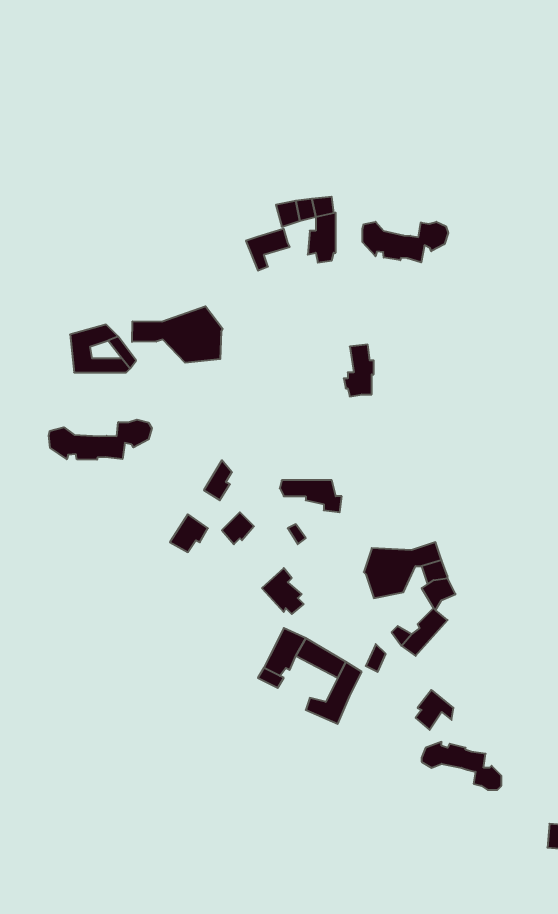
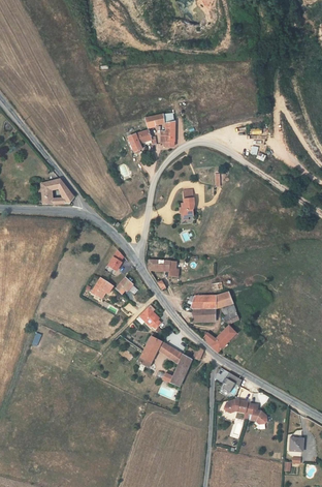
building: [363,222,448,262] -> none
building: [132,306,223,363] -> none
building: [49,420,152,460] -> none

